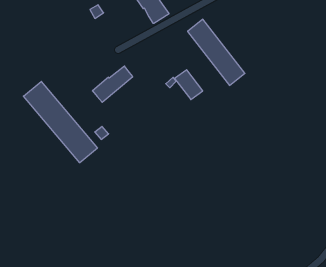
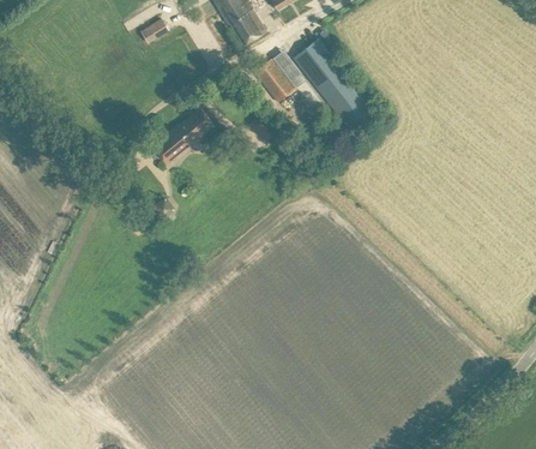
building: [175,70,203,100] -> [253,59,295,103]
building: [23,81,97,163] -> none

